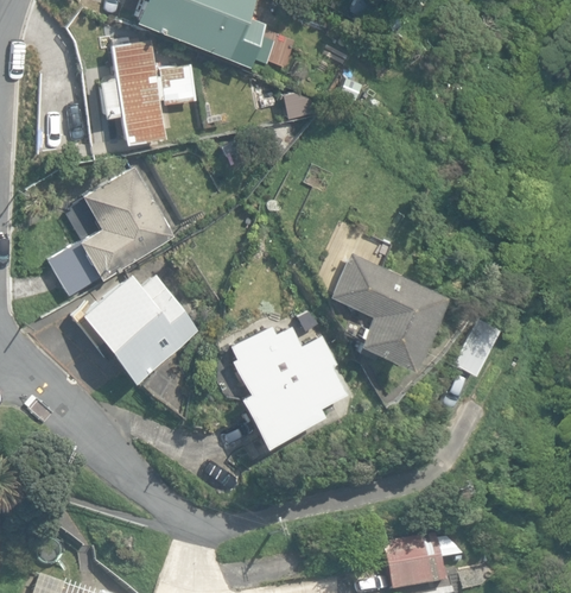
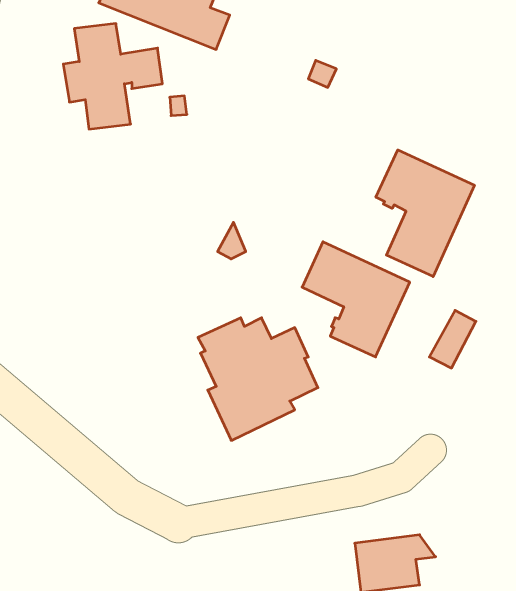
building: none -> [376,150,474,277]
building: [47,165,175,295] -> none
building: [82,275,201,383] -> none

